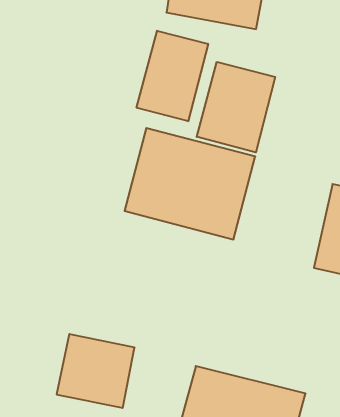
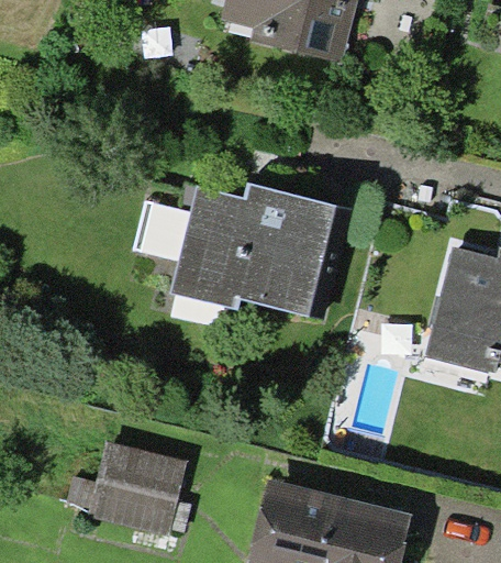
building: [137,31,208,121] -> none
building: [197,62,275,152] -> none

